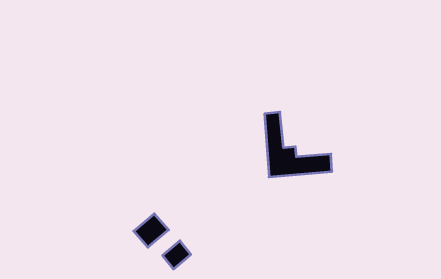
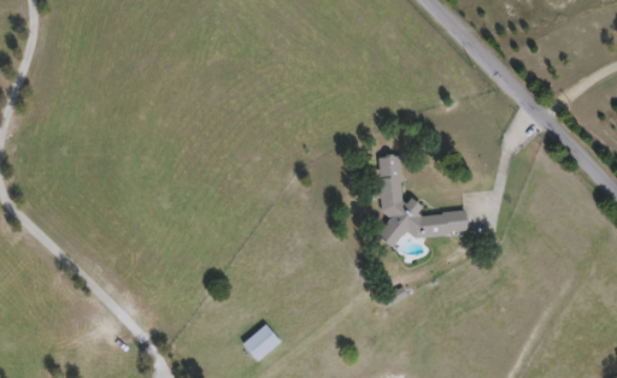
building: [134,214,169,247] -> none

